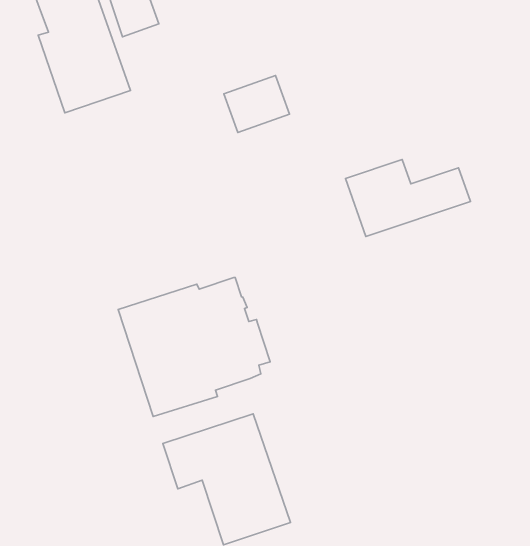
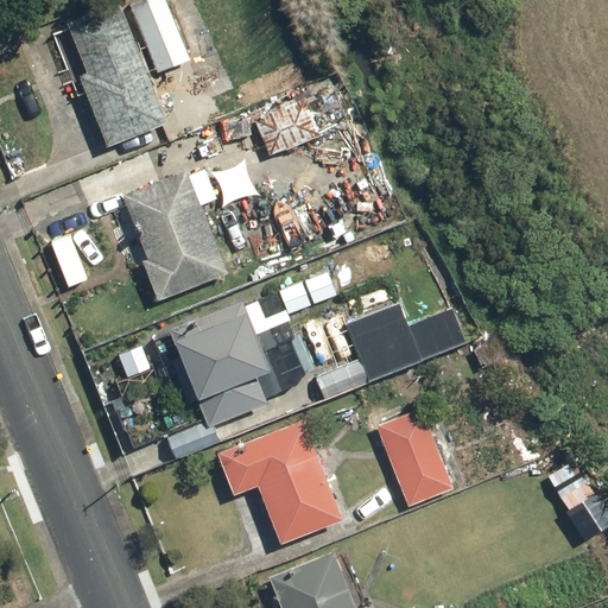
building: none -> [121,172,227,302]
building: [346,159,470,237] -> [346,305,464,380]
building: none -> [376,410,452,507]

